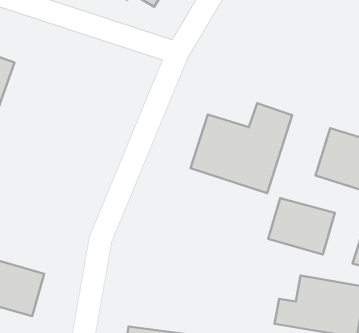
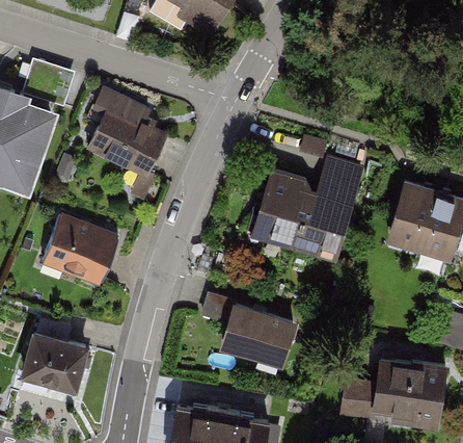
building: none -> [87,99,166,174]
building: none -> [46,214,121,285]
building: [268,198,335,255] -> [220,304,295,367]

